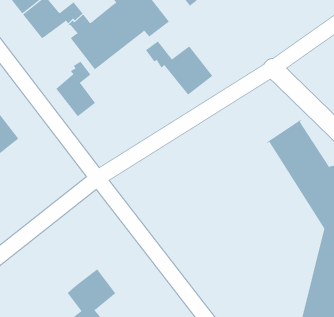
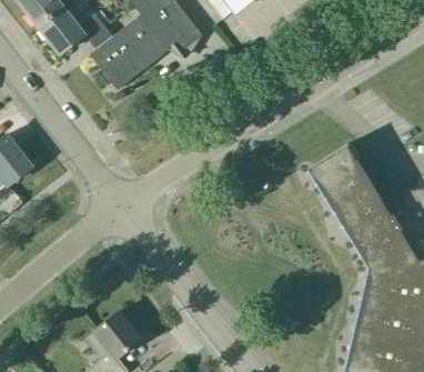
building: [145,41,213,95] -> none
building: [55,61,96,117] -> none

